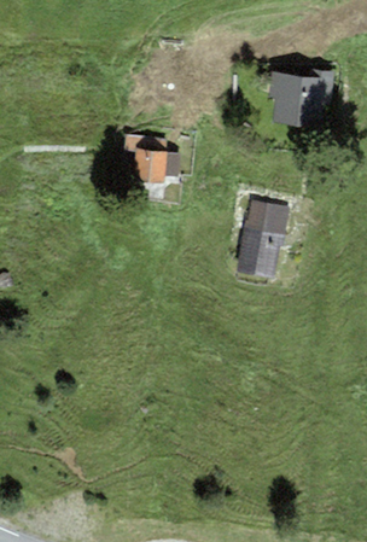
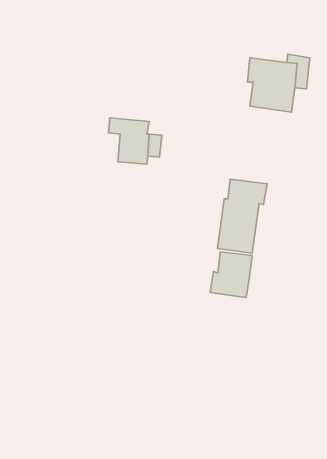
building: none -> [210,252,252,298]

